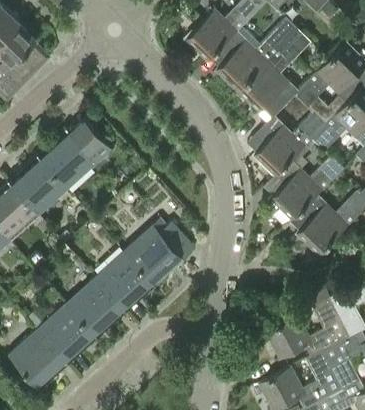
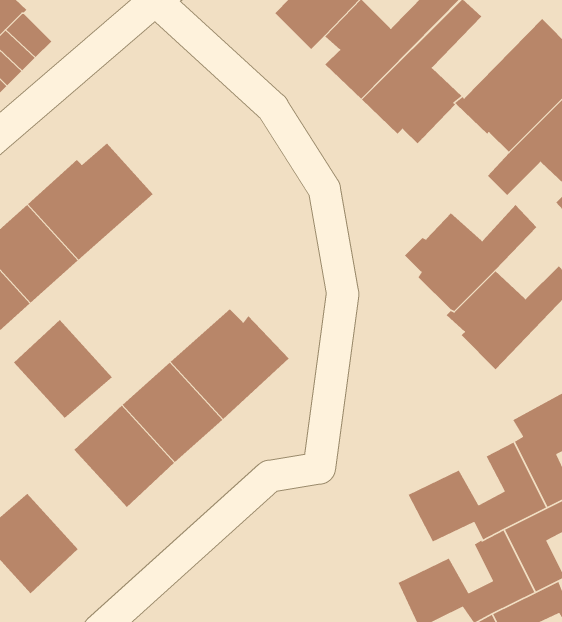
building: [247,112,327,176] -> none
building: [37,303,97,363] -> [13,319,113,419]

